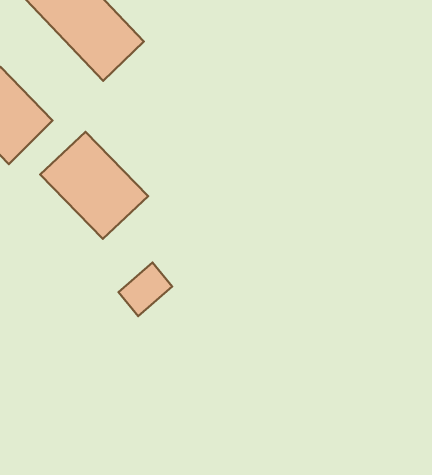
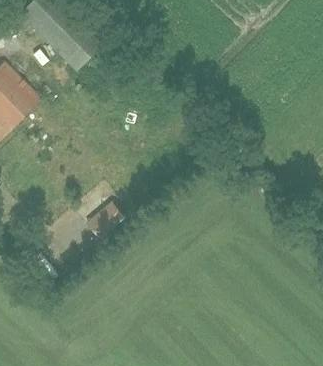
building: [40,132,148,239] -> none

